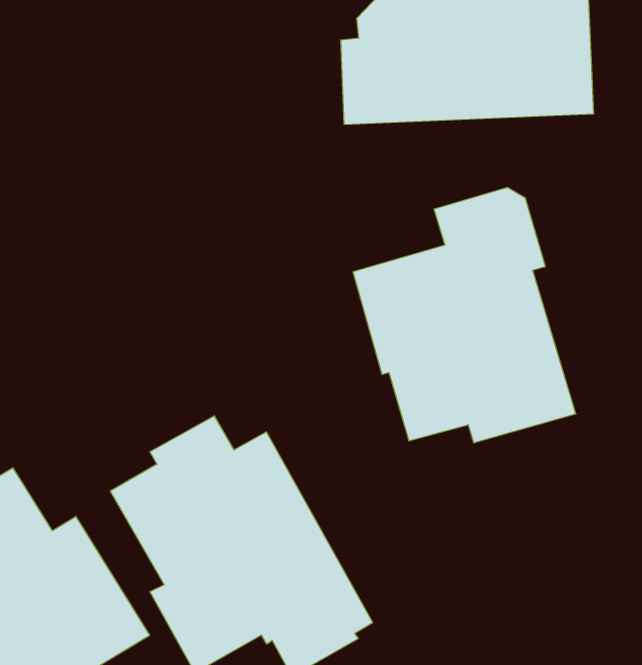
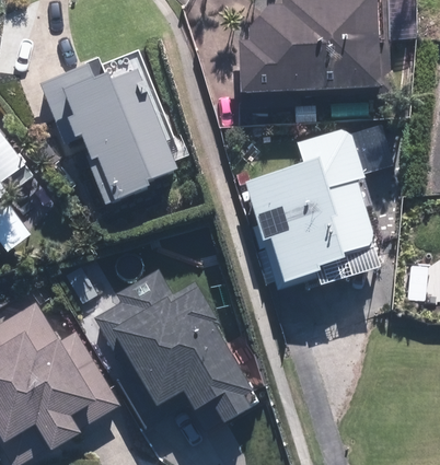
building: none -> [42,49,182,205]

